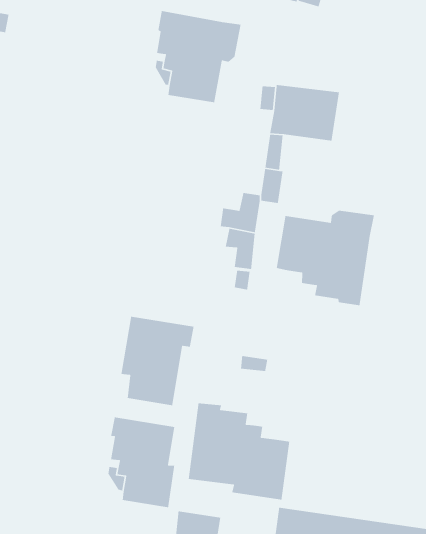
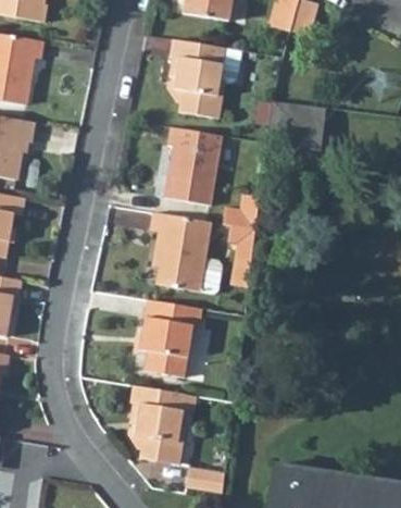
building: none -> [163,126,222,205]
building: [276,210,375,306] -> none
building: none -> [149,211,222,293]
building: [188,402,290,500] -> none

